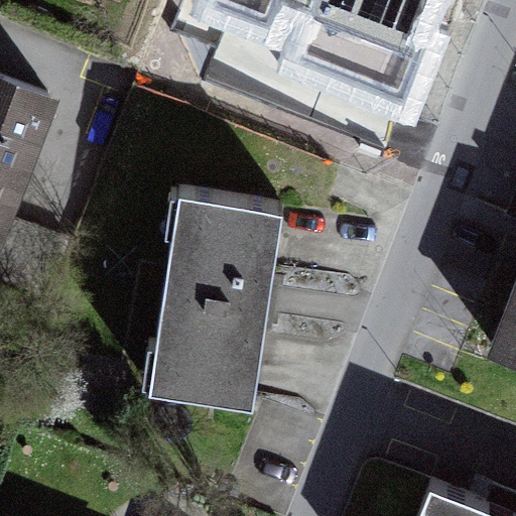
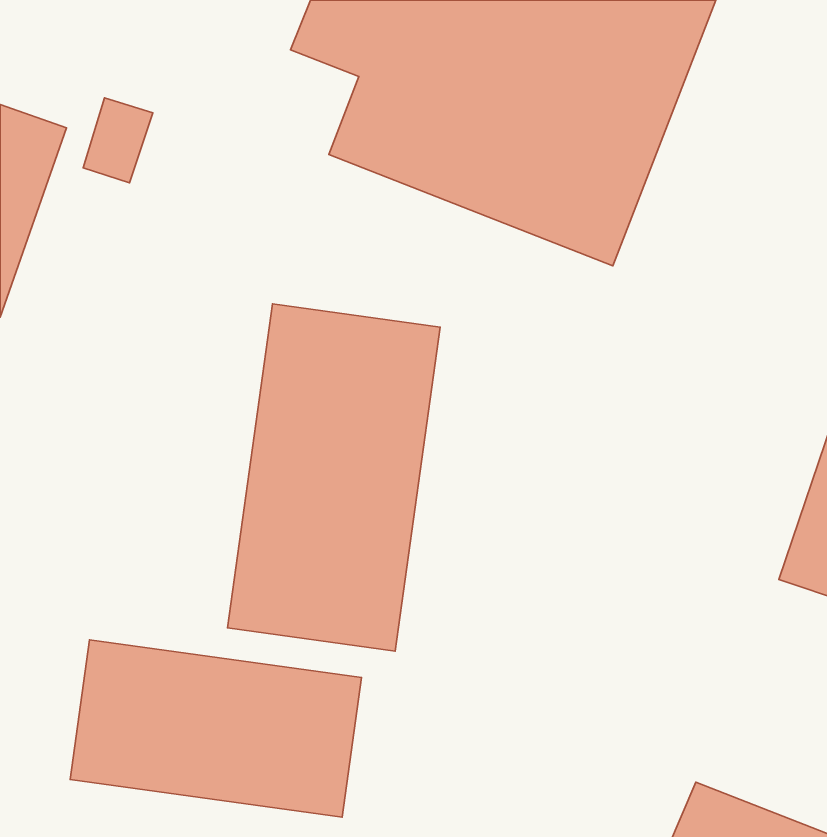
building: none -> [70,640,361,817]

